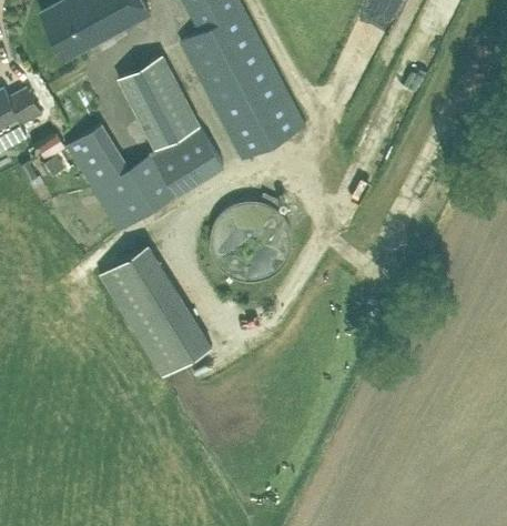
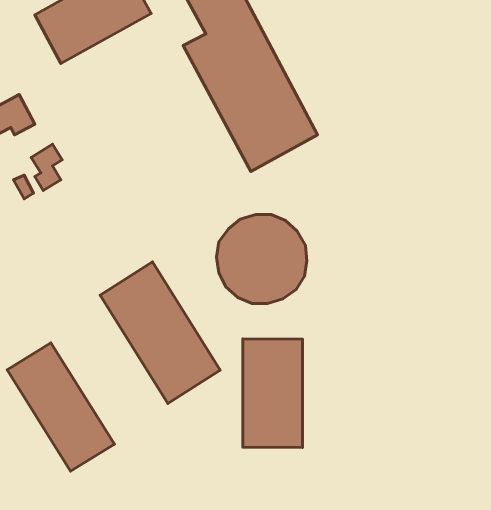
building: [67,55,224,231] -> none
building: none -> [243,339,303,448]
building: none -> [7,343,115,471]

